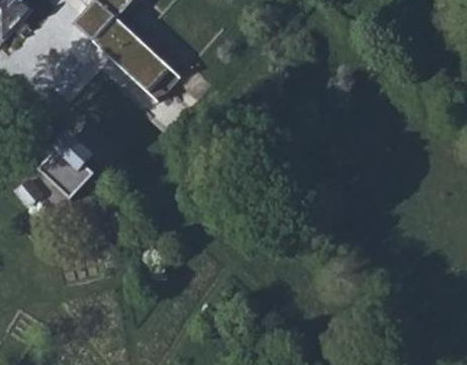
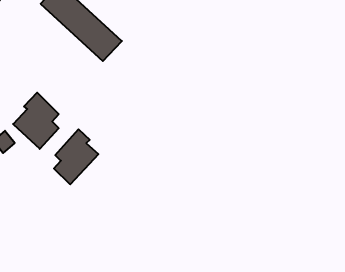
building: none -> [54,129,98,184]

